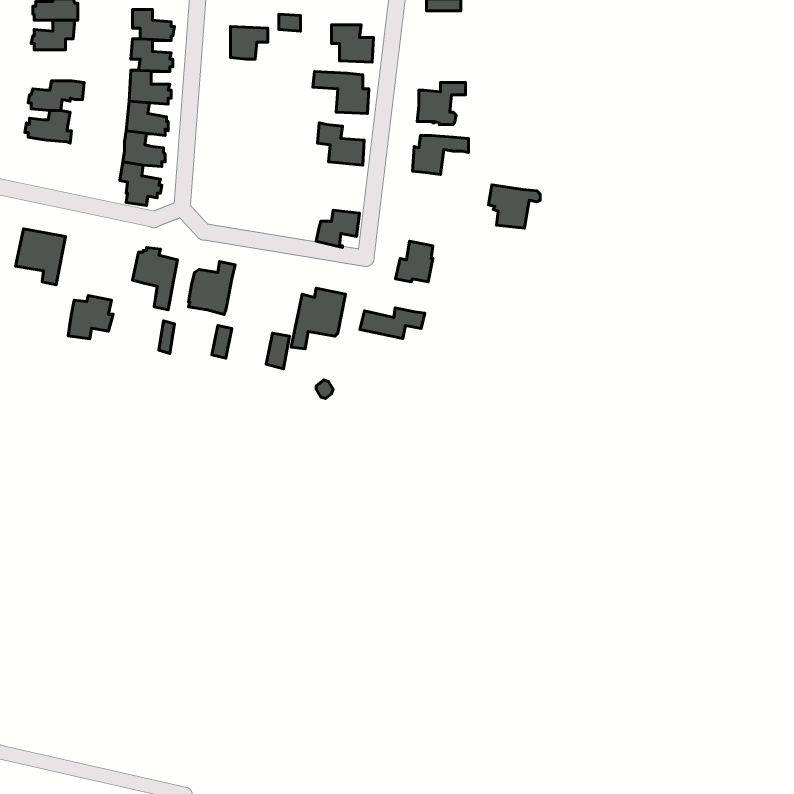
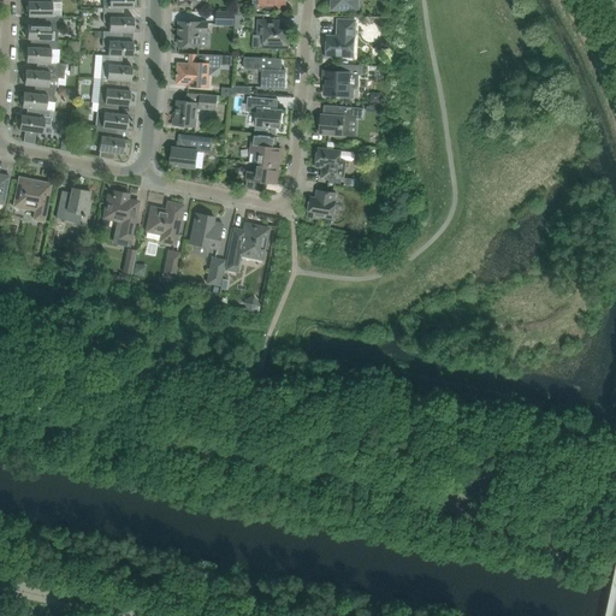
building: none -> [322,18,355,57]
building: none -> [24,38,59,63]
building: none -> [174,53,220,87]
building: none -> [172,93,217,126]
building: none -> [17,108,52,132]
building: none -> [249,132,280,165]
building: none -> [170,135,212,167]
building: [489,185,540,228] -> [314,147,354,180]
building: none -> [189,212,221,248]
building: [68,295,113,339] -> [55,186,90,220]
building: [360,308,425,338] -> none

